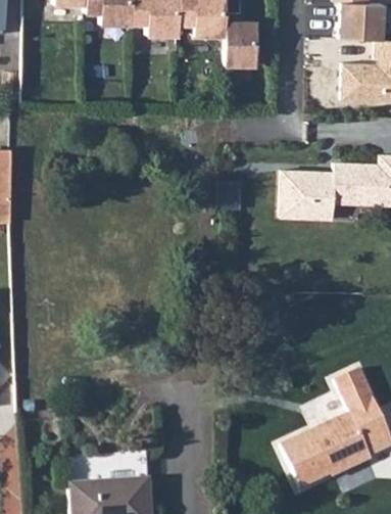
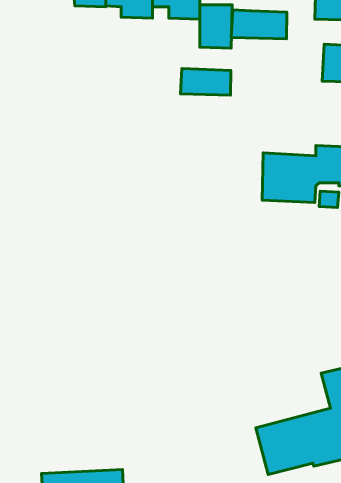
building: none -> [231,10,287,39]
building: none -> [180,69,231,95]

